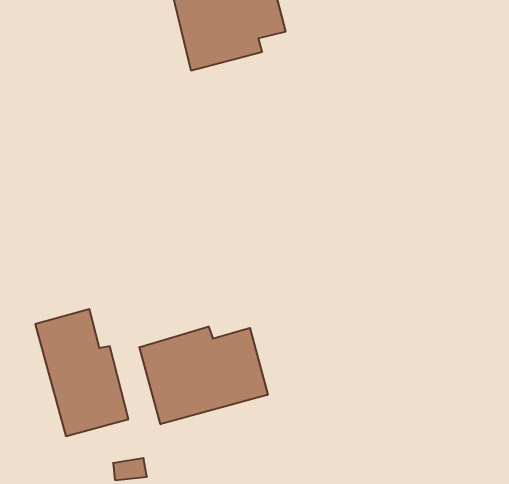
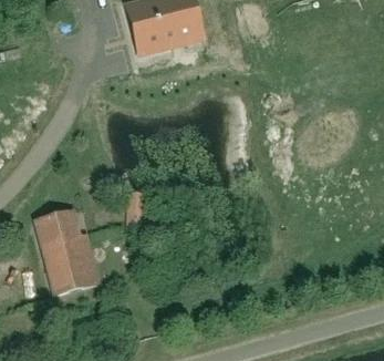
building: [139,327,268,424] -> none

